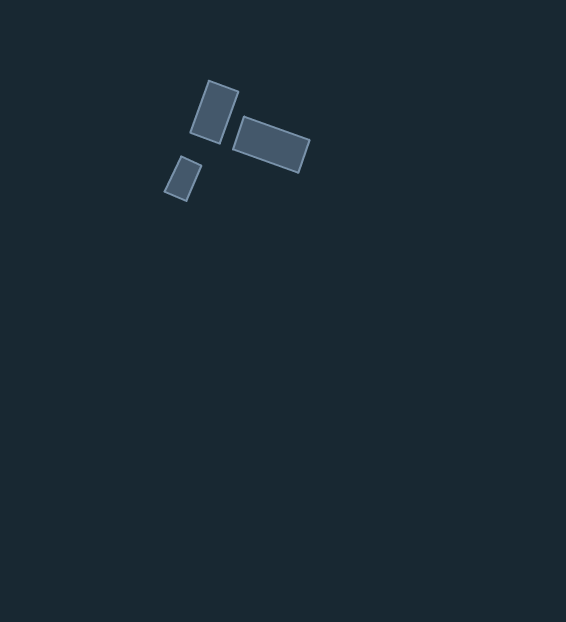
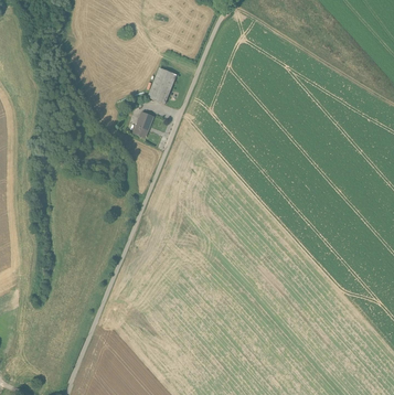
building: [233,116,309,173] -> none

